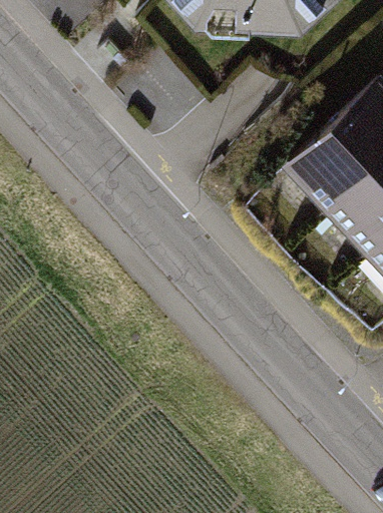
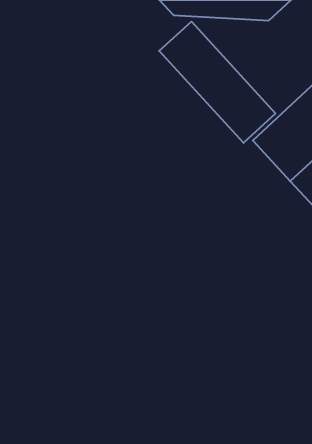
building: none -> [159,22,275,143]

